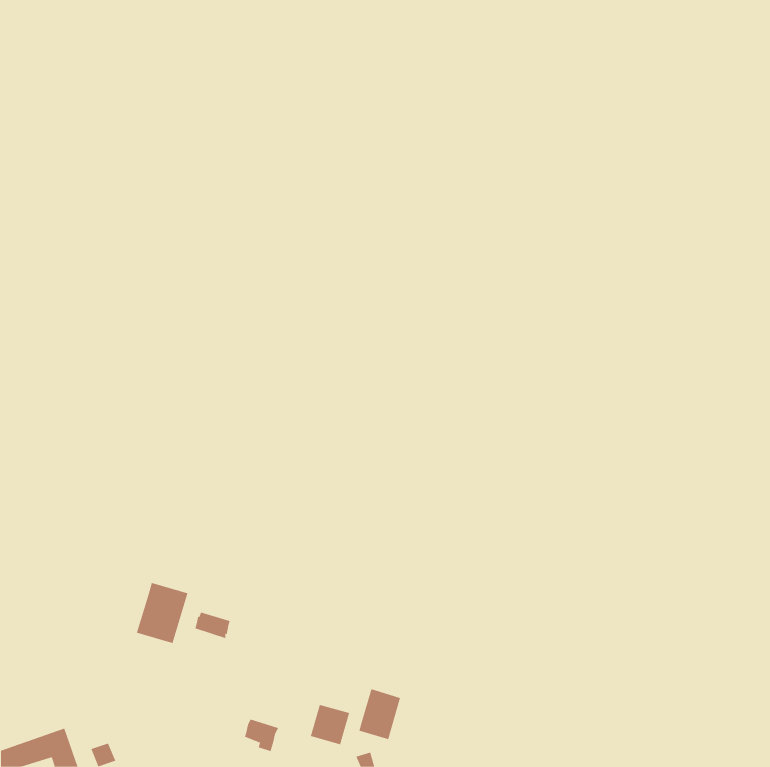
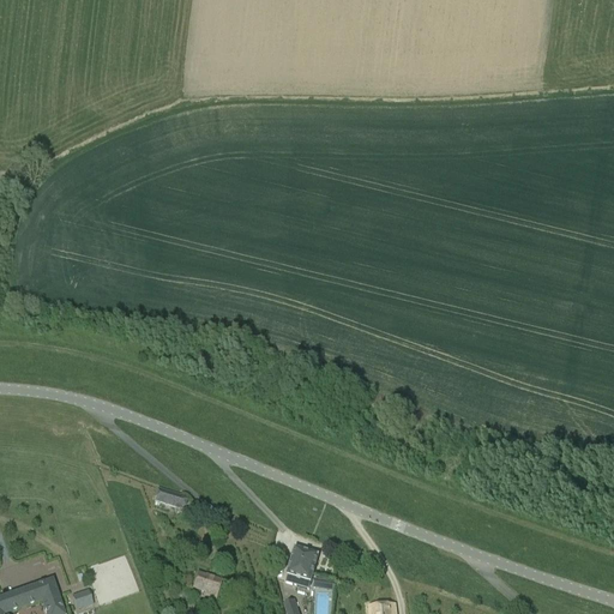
building: [136,582,188,644] -> none
building: [310,704,350,745] -> none

